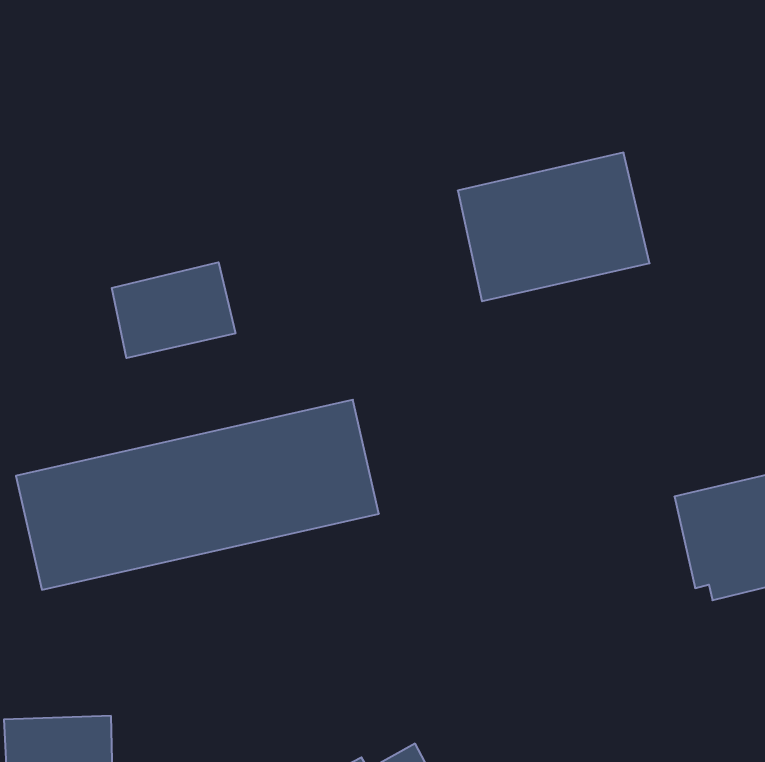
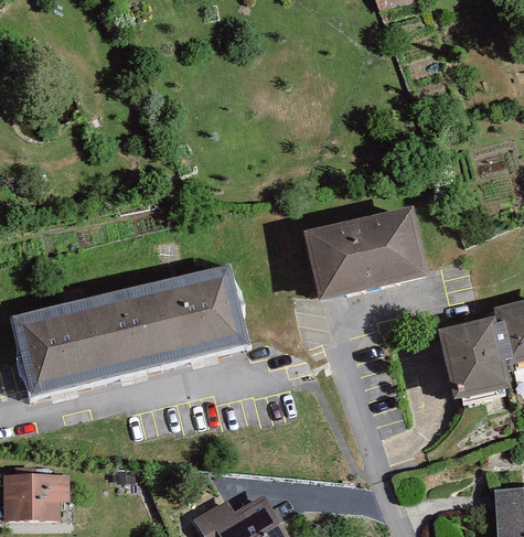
building: [458,153,650,301] -> [303,208,426,303]
building: [112,262,235,358] -> none

